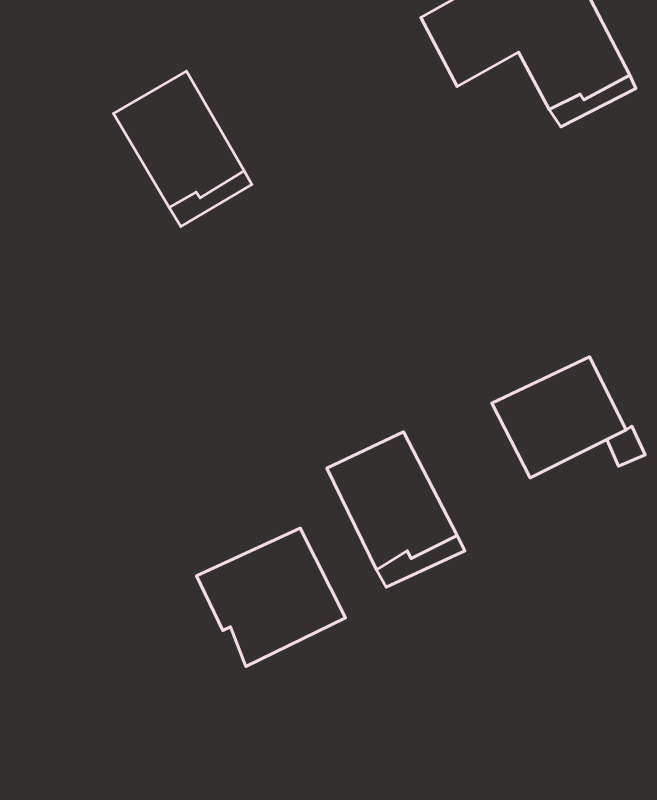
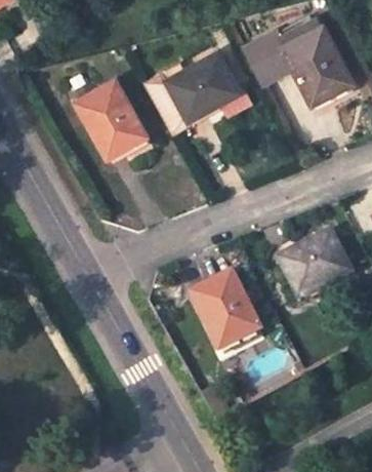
building: none -> [142,50,241,130]
building: [196,528,345,667] -> none

